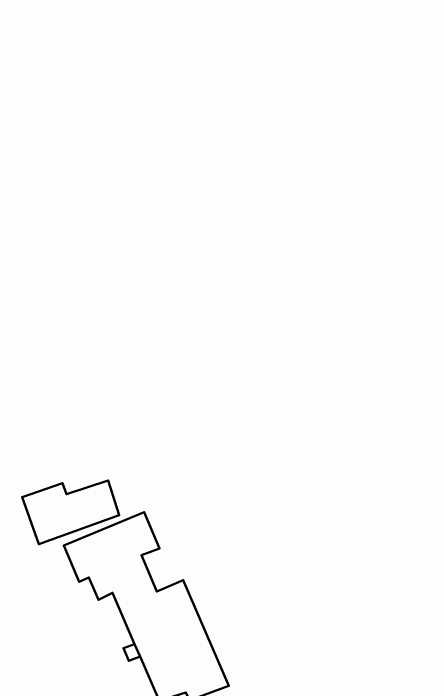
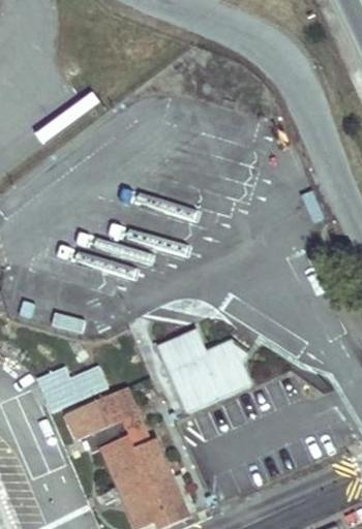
building: none -> [160,334,247,409]

